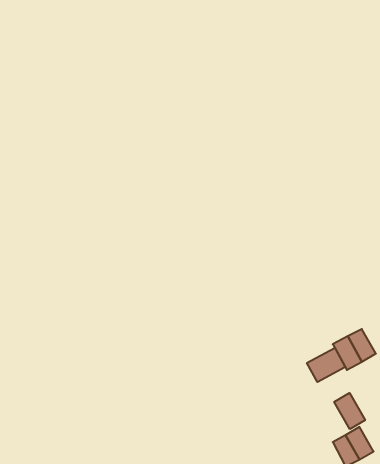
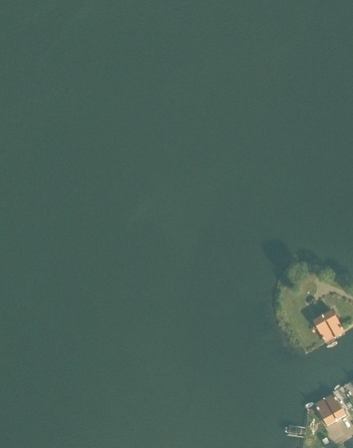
building: [307,348,345,382] -> none
building: [334,393,365,429] -> none

